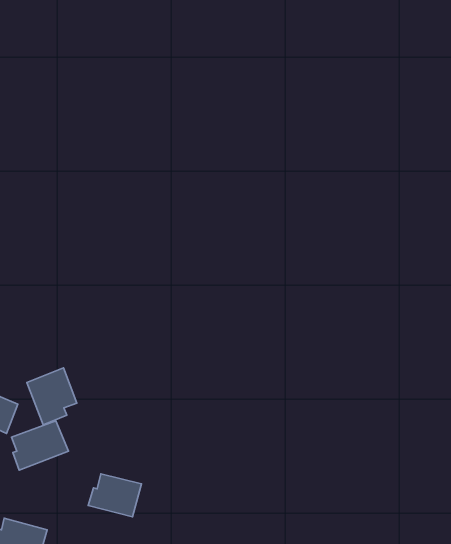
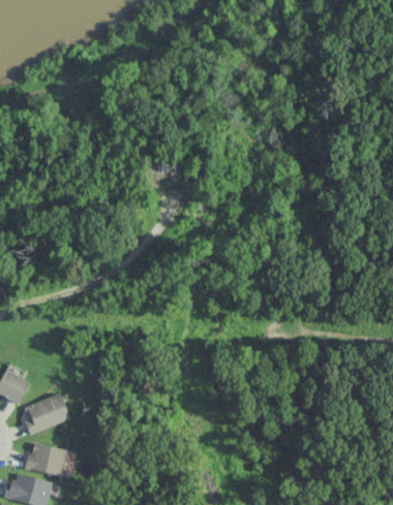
building: [27,368,77,425] -> none
building: [88,474,142,517] -> [23,442,66,477]

